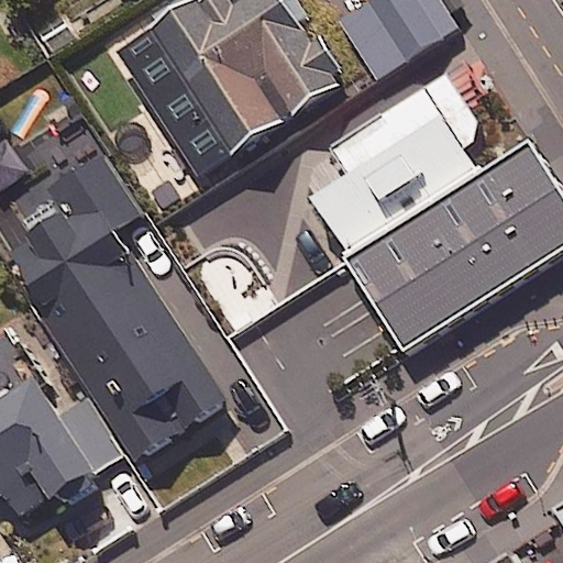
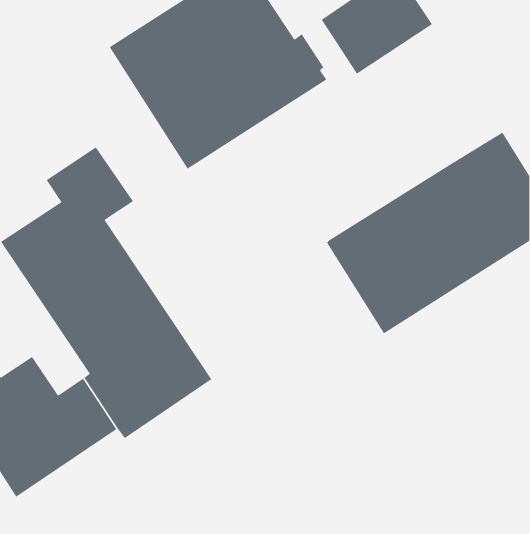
building: [312,73,478,252] -> none

